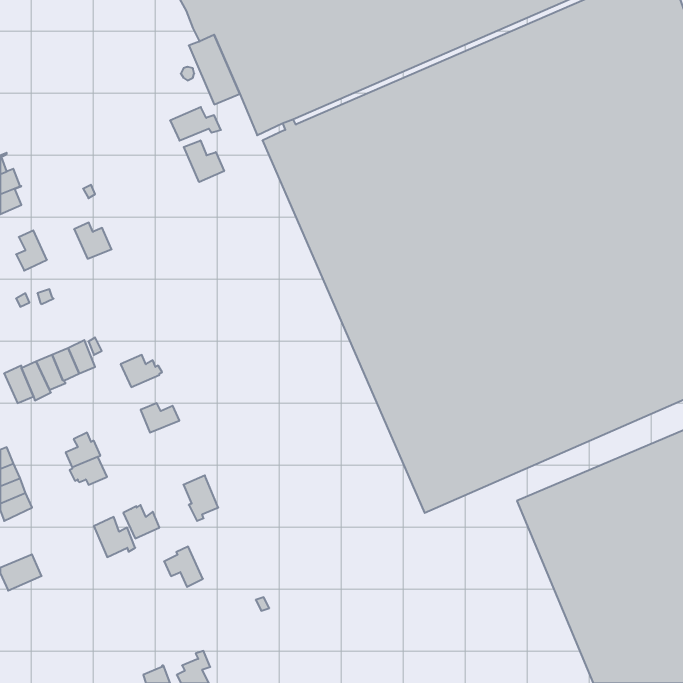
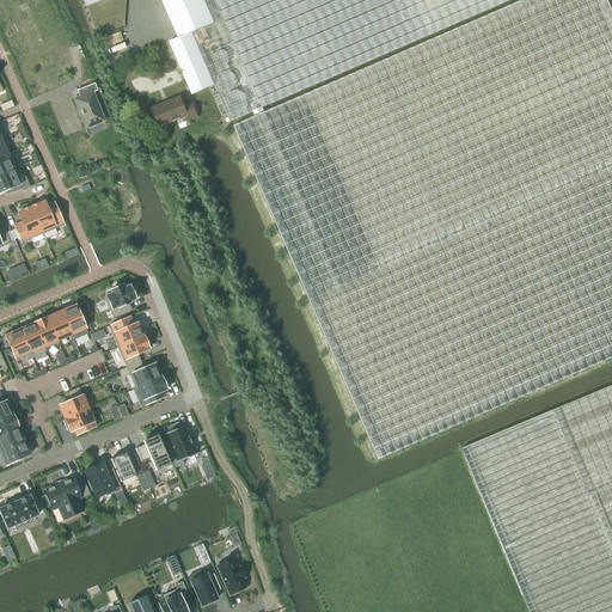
building: none -> [75,82,105,127]
building: [184,140,224,182] -> none
building: [74,223,112,259] -> [31,200,65,232]
building: none -> [104,283,137,318]
building: none -> [118,335,149,366]
building: none -> [133,375,167,406]
building: none -> [44,476,90,515]
building: [164,547,203,587] -> [136,434,171,470]
building: none -> [218,558,246,593]
building: none -> [189,568,220,605]

